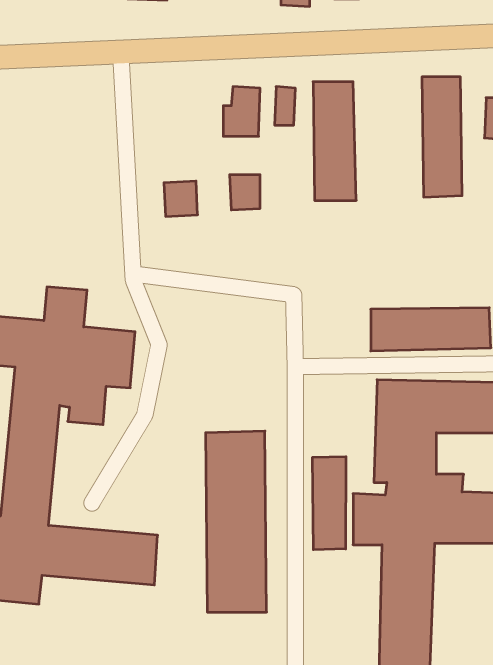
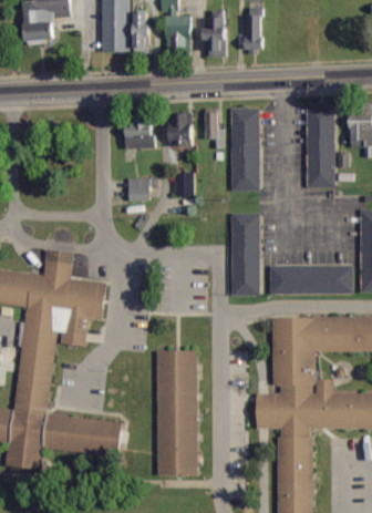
building: none -> [126,114,155,148]
building: none -> [231,213,260,295]
building: [313,457,346,550] -> none

